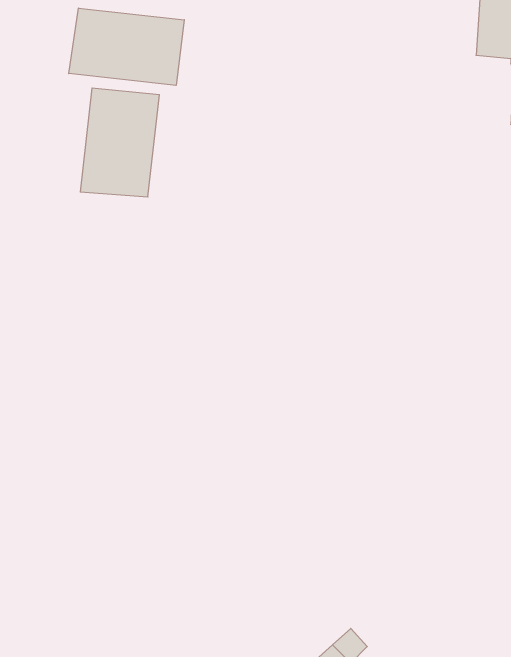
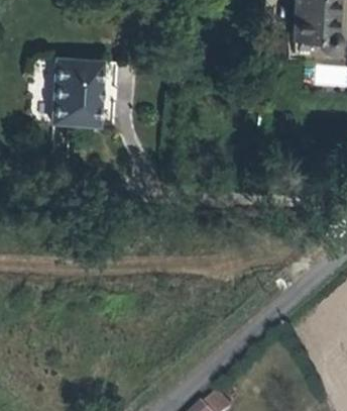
building: [69,8,184,85] -> none

